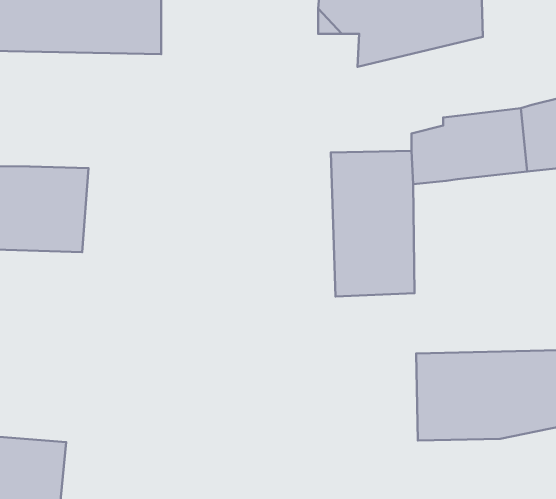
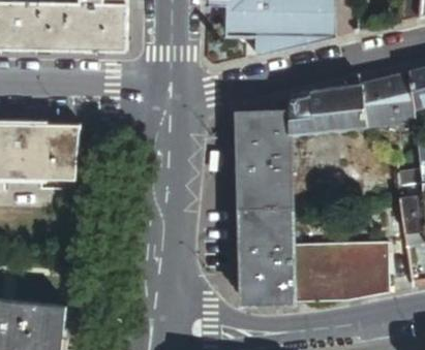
building: none -> [240,206,294,304]

